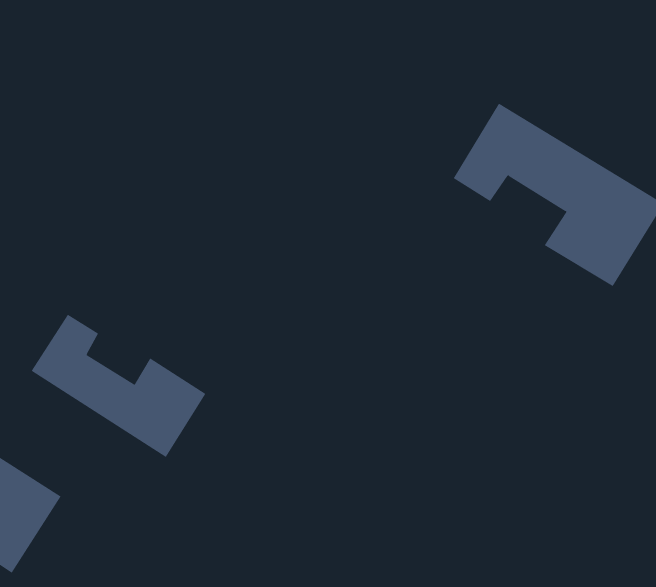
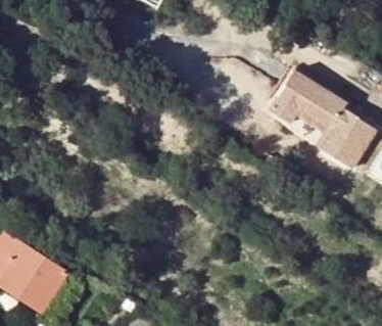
building: [31,314,206,458] -> none

